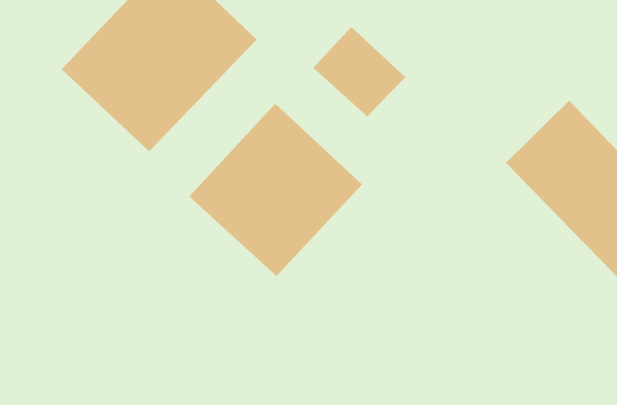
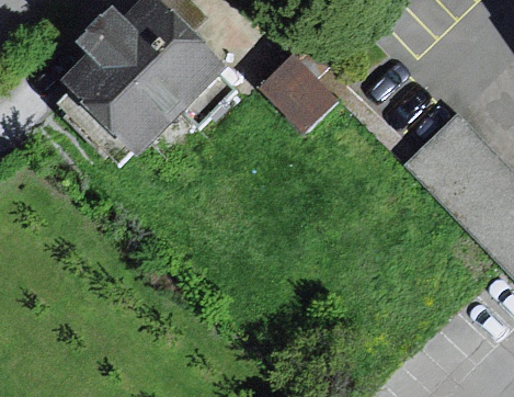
building: [188,103,363,277] -> none

